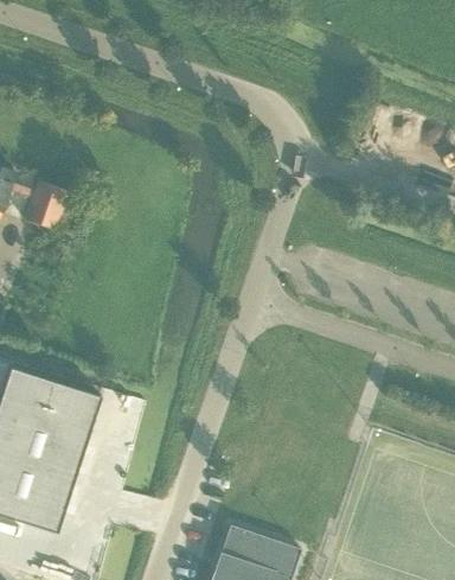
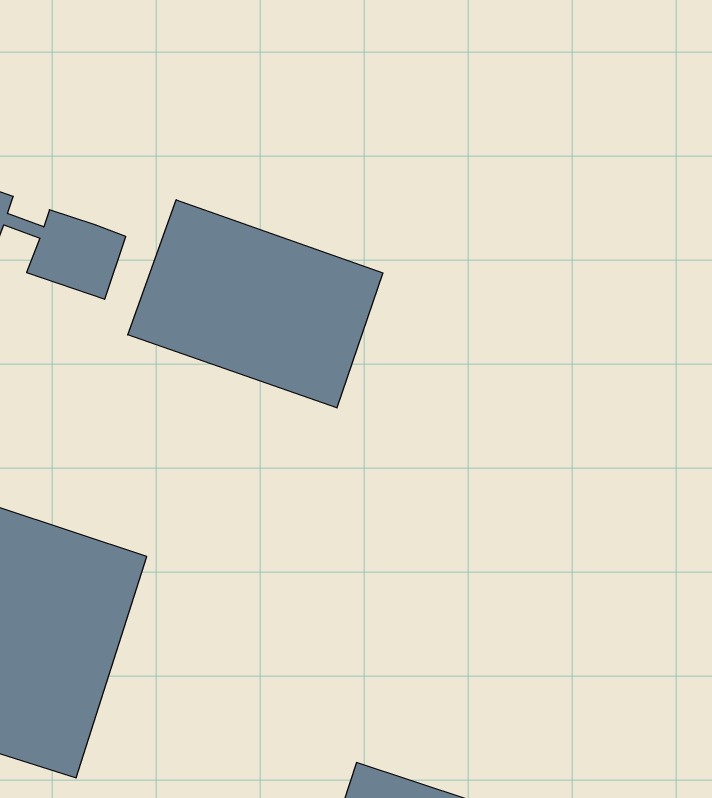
building: none -> [128,200,383,408]

